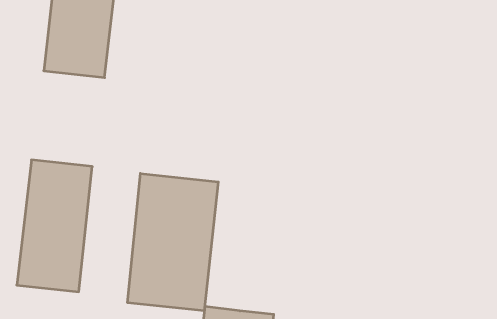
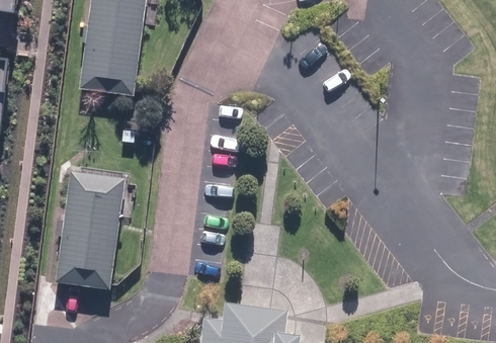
building: [128,173,218,311] -> none

